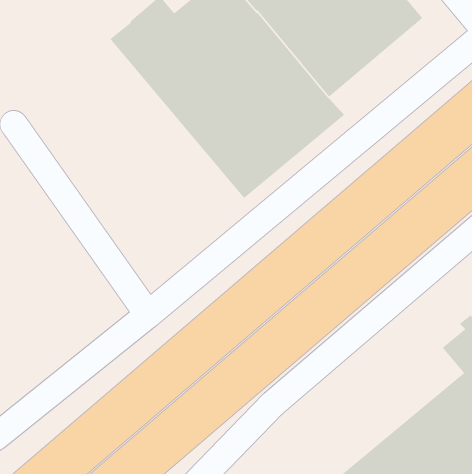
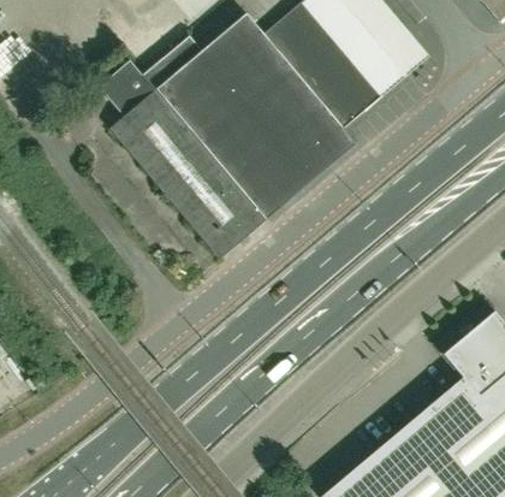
building: none -> [99,60,266,259]

